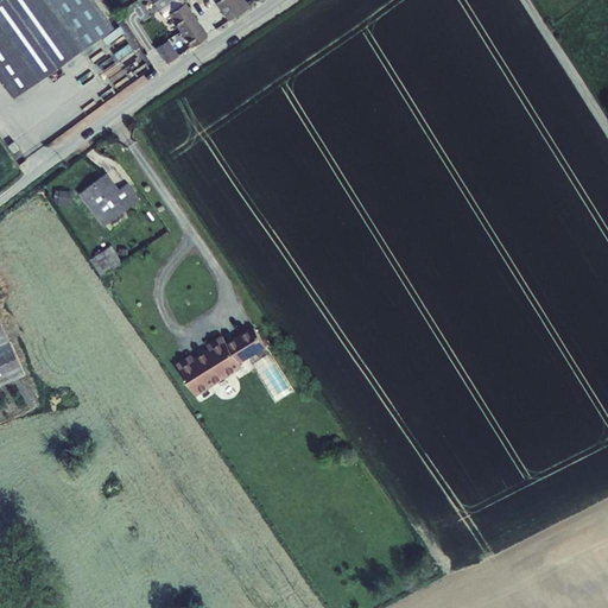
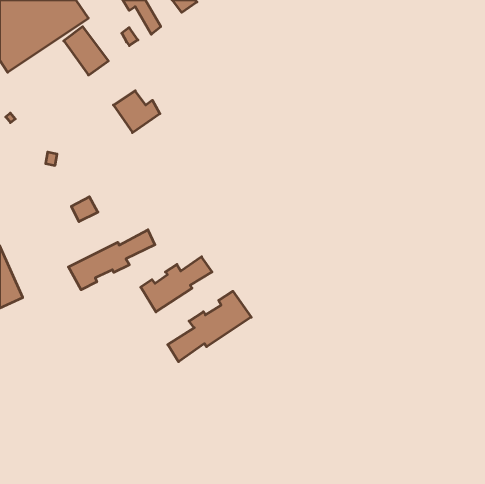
building: [80,175,138,227] -> [113,91,160,133]
building: none -> [68,230,155,290]
building: none -> [168,291,251,362]

